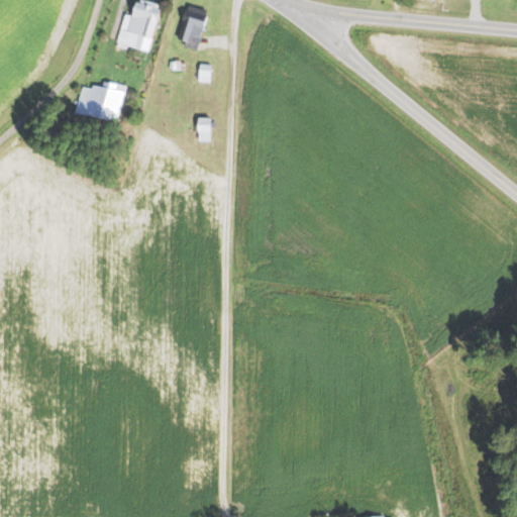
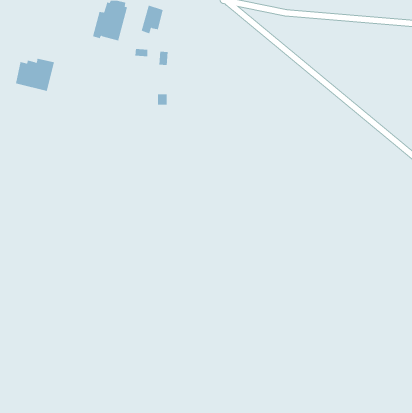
building: [77,82,126,123] -> [15,58,55,91]

